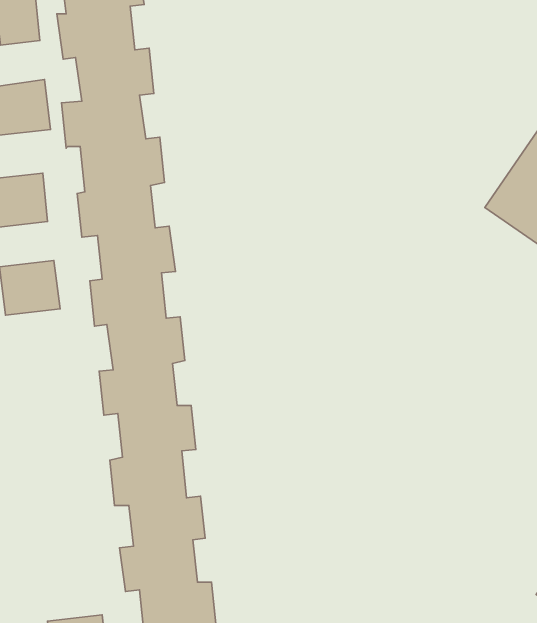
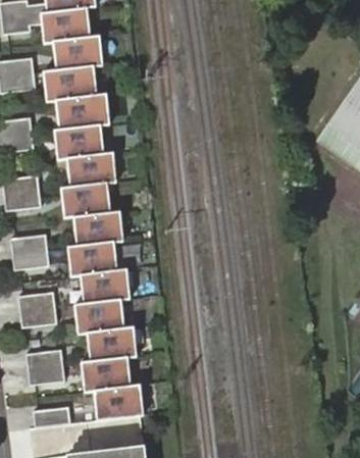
building: none -> [10,233,49,269]
building: none -> [18,291,57,326]
building: none -> [25,348,65,384]

